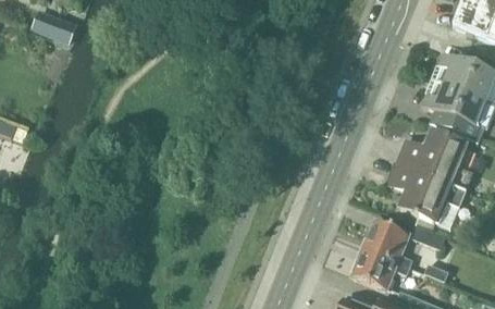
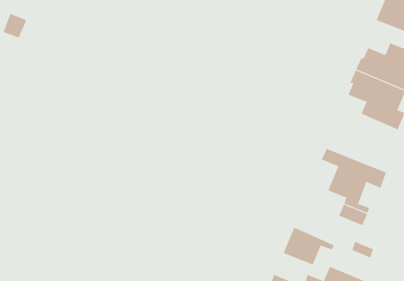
building: [399,133,471,189] -> none
building: [364,221,411,268] -> none

